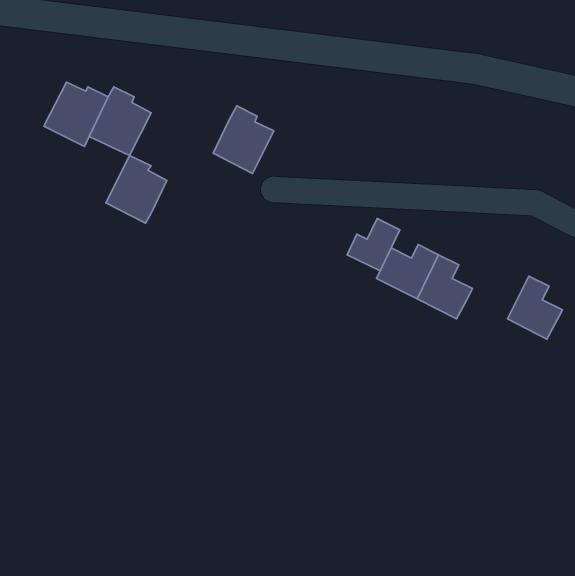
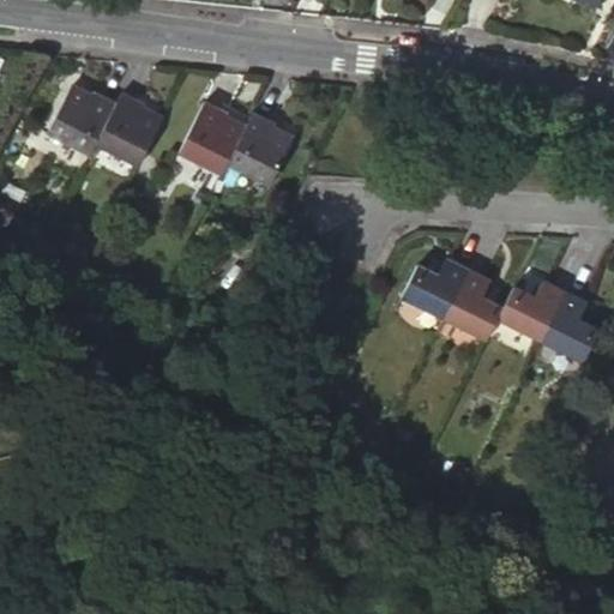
building: [106,156,167,223] -> [180,102,245,174]
building: [347,219,400,271] -> none
building: none -> [498,282,564,339]

